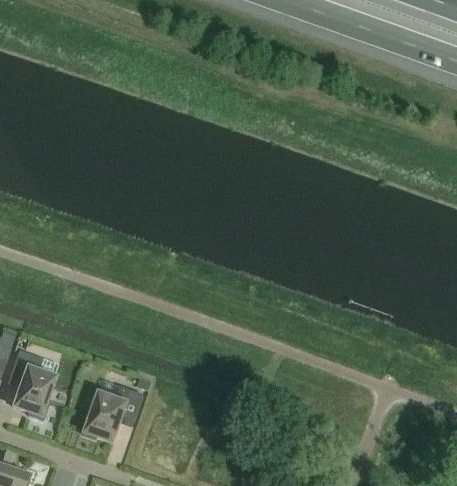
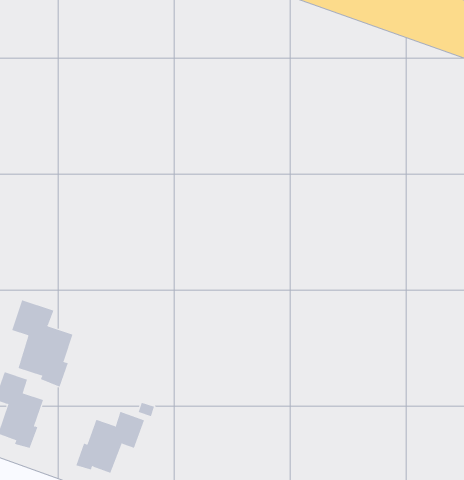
building: none -> [12,300,73,387]

